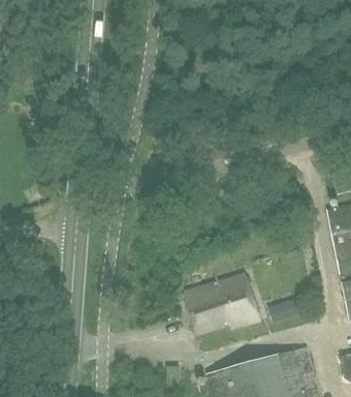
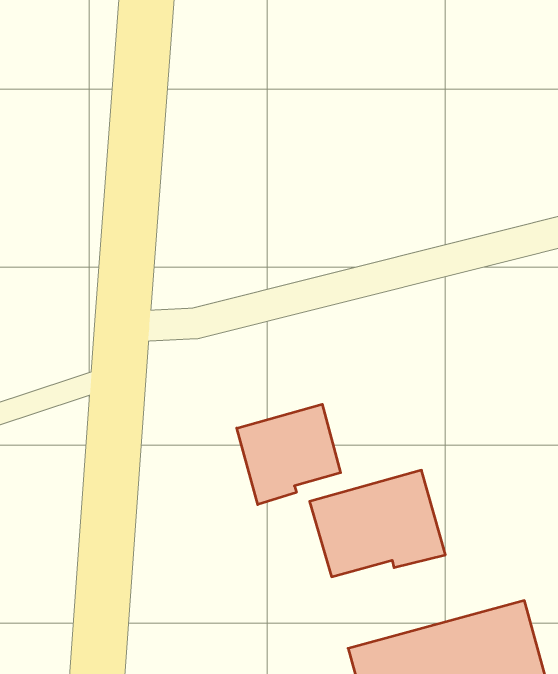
building: none -> [237,404,341,505]

